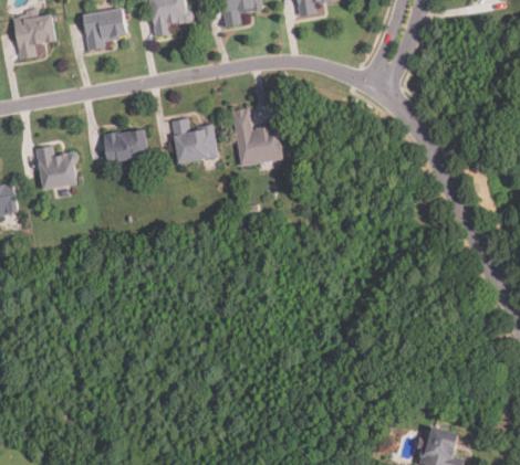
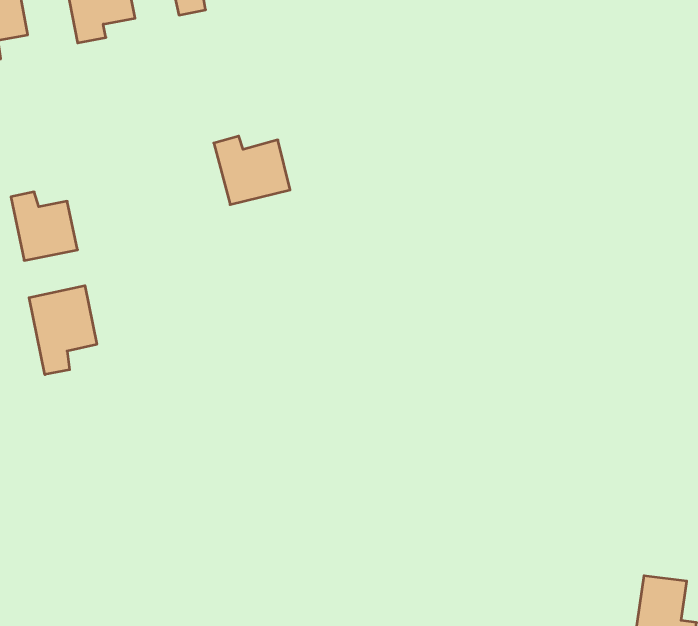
building: [229,108,283,167] -> none
building: [104,130,146,161] -> none
building: none -> [29,286,97,375]

